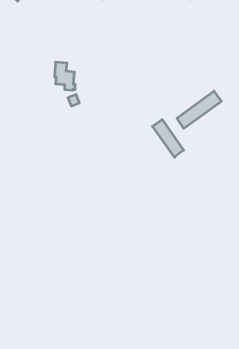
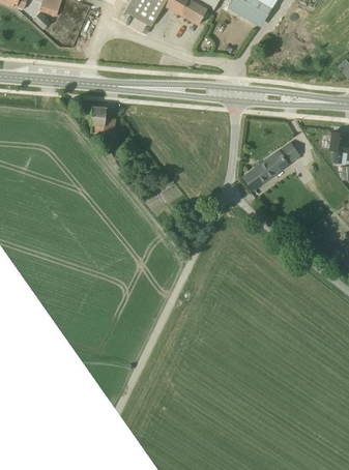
building: [152,120,184,157] -> none

